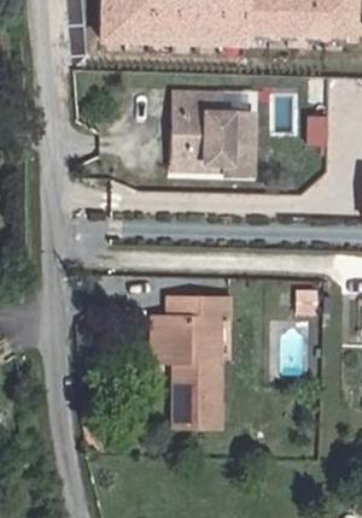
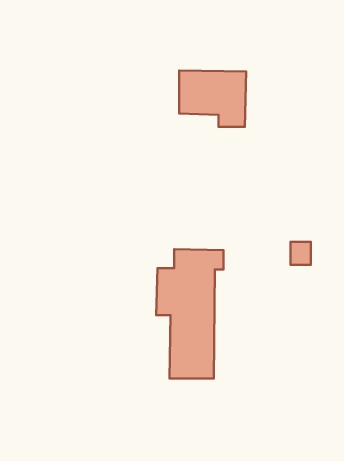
building: [174,92,252,118] -> none

